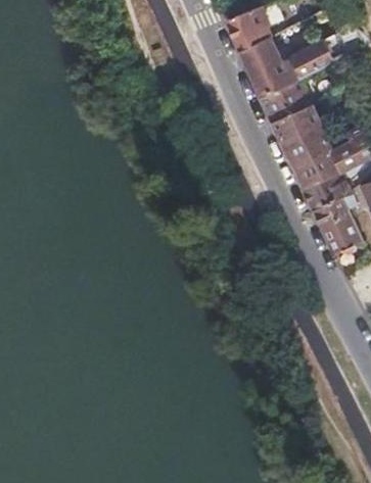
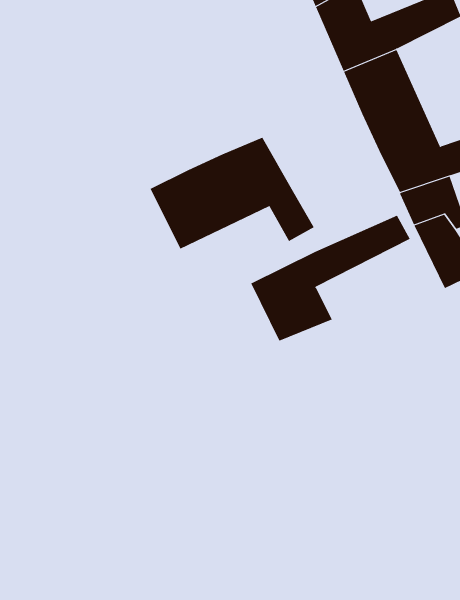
building: none -> [150,137,314,250]
building: none -> [251,215,410,342]

